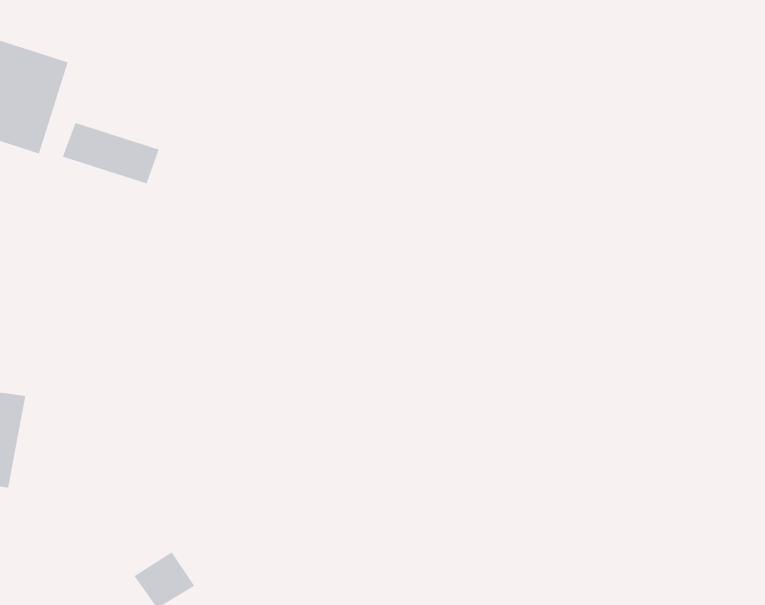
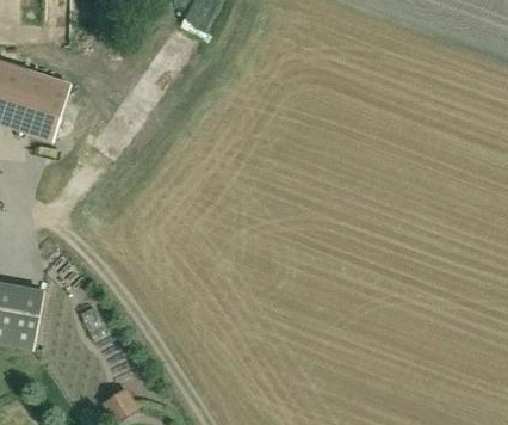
building: [62,122,160,184] -> none

